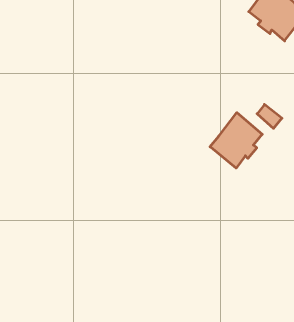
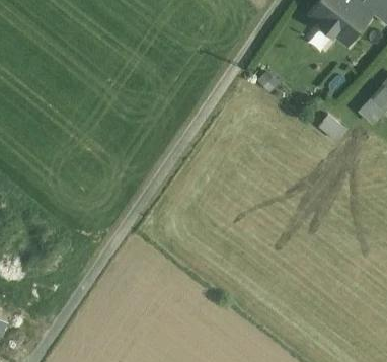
building: [210,113,262,168] -> none

